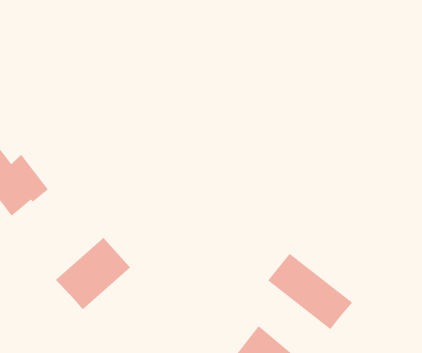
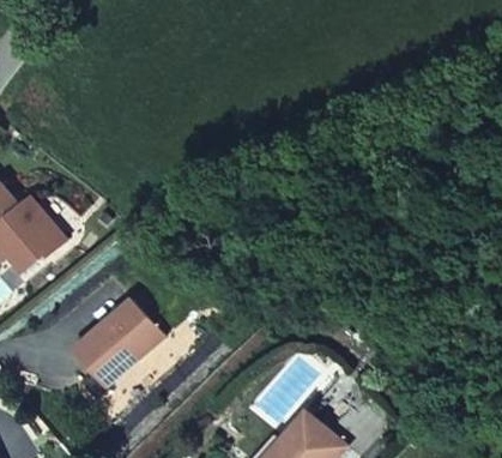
building: [267,253,353,330] -> none

